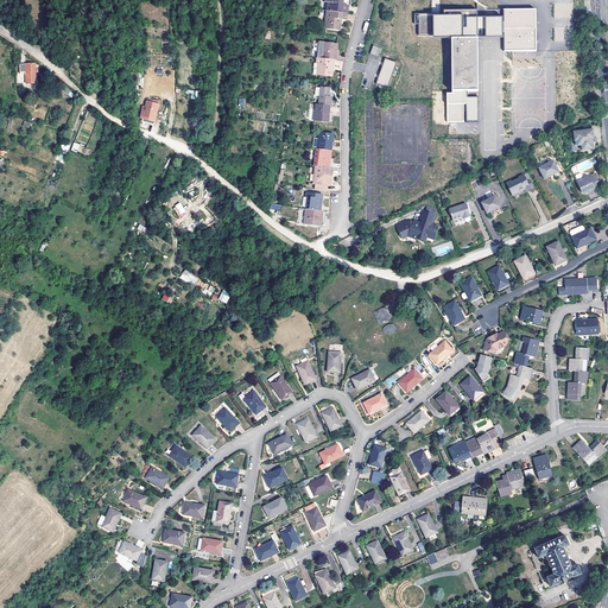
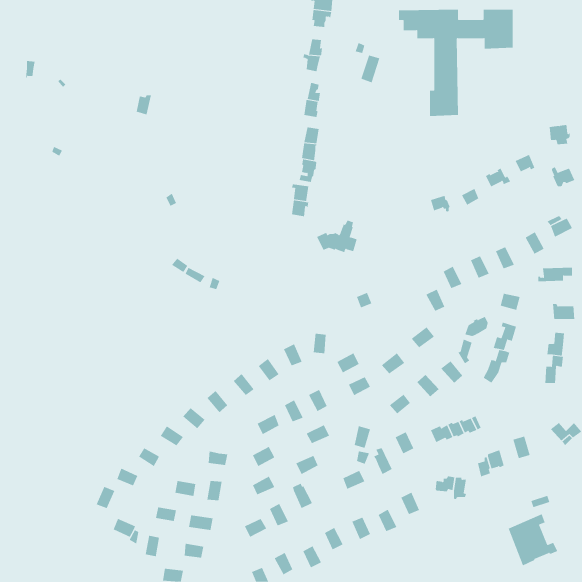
building: [394,205,437,240] -> [316,220,357,253]

